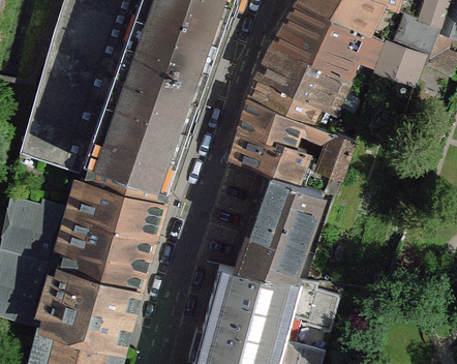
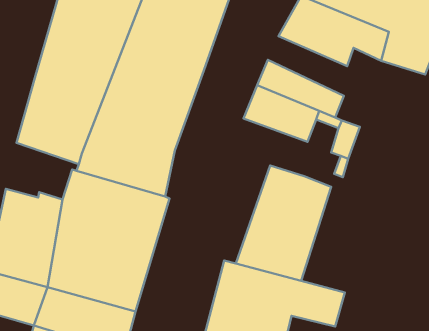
building: [264,48,345,105] -> none
building: [229,127,313,183] -> none

